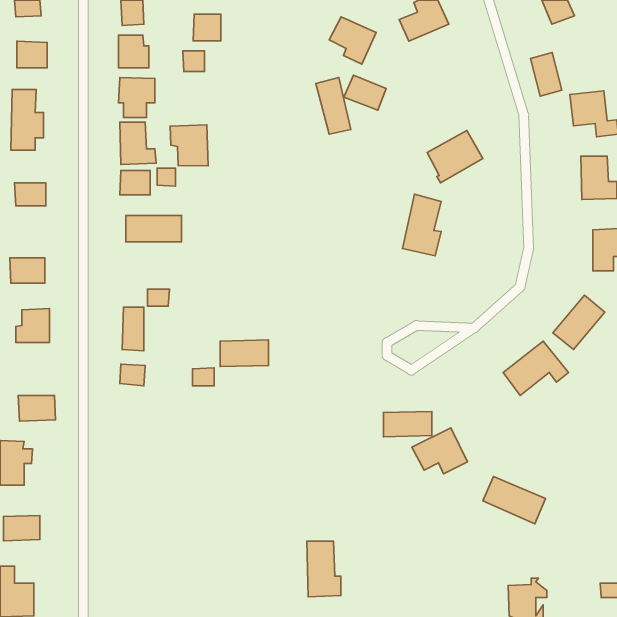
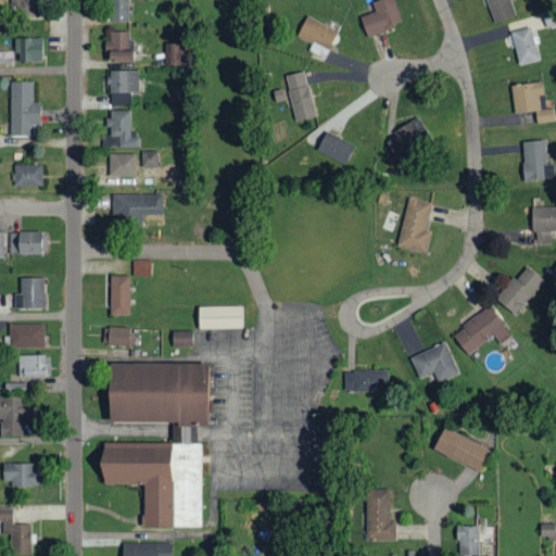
building: [193,14,221,41] -> none
building: [530,53,562,96] -> [511,27,540,66]
building: [344,75,386,110] -> [317,132,355,164]
building: [170,125,208,166] -> none
building: [402,194,441,256] -> [397,198,432,253]
building: none -> [11,325,46,350]
building: none -> [103,365,211,525]
building: [412,428,468,474] -> [410,342,460,383]
building: [307,541,341,597] -> [366,490,396,540]

